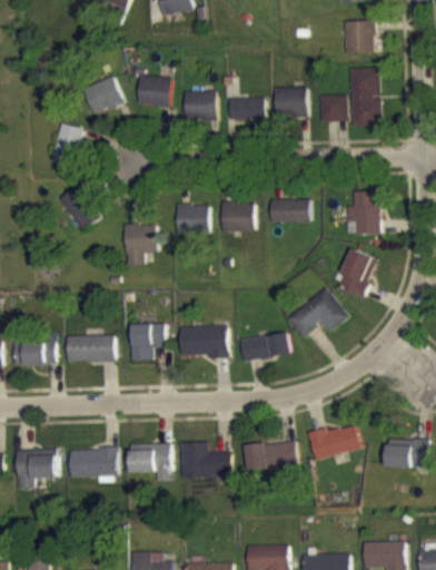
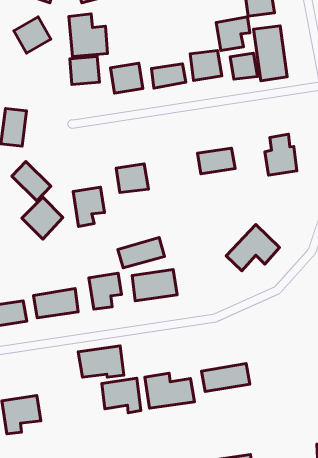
building: none -> [69,14,108,57]
building: none -> [216,17,250,50]
building: [83,76,123,115] -> [14,17,51,53]
building: [220,202,254,232] -> none
building: none -> [22,197,63,239]
building: [336,248,377,296] -> none
building: [239,332,290,361] -> [118,237,164,268]
building: [308,424,360,459] -> none
building: [69,448,117,481] -> [78,346,124,377]

